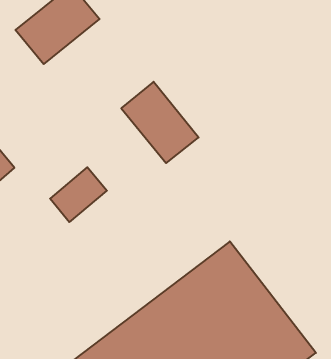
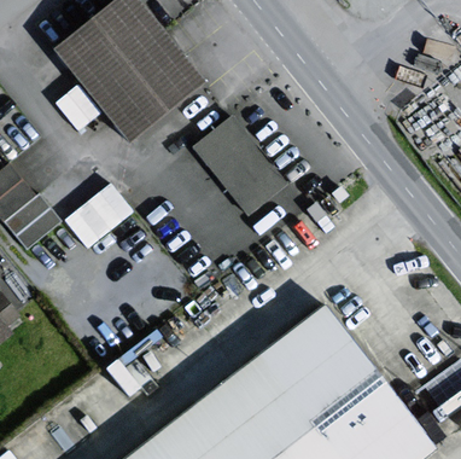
building: none -> [97,36,199,134]
building: [50,167,107,222] -> [62,176,132,244]

